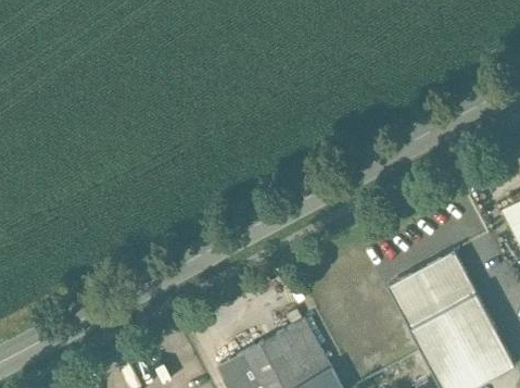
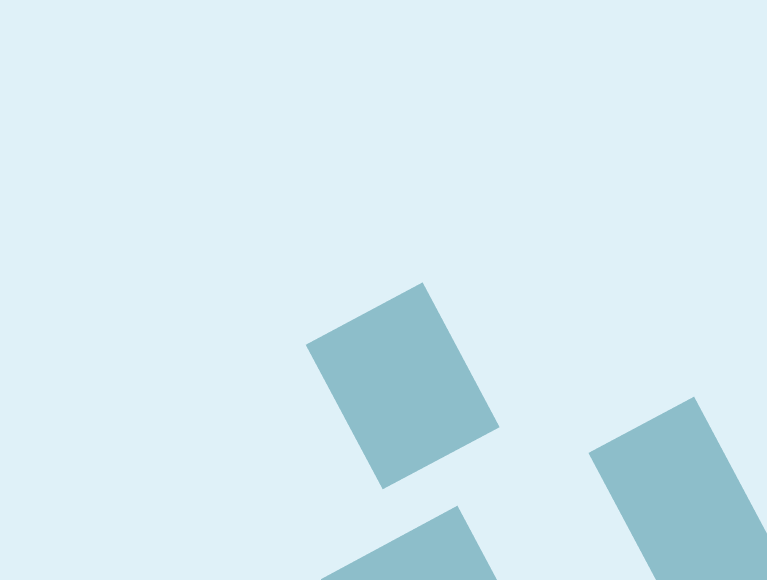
building: none -> [305,282,500,490]

